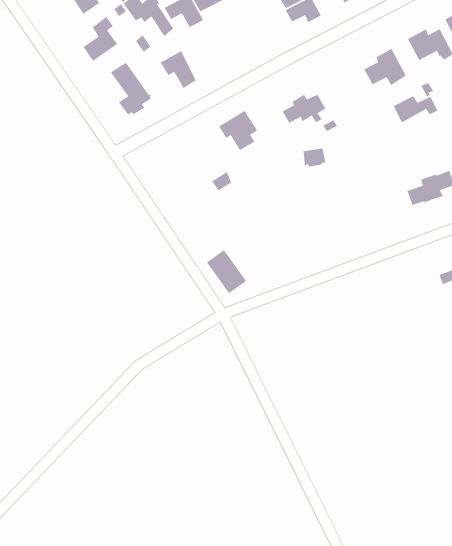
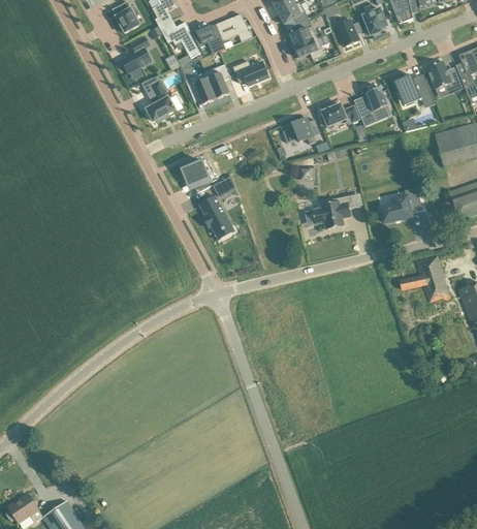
building: none -> [232,60,268,85]
building: none -> [203,62,227,97]
building: [392,95,438,123] -> [321,103,359,126]
building: [218,110,258,151] -> [181,158,214,192]
building: none -> [312,200,351,228]
building: [206,249,247,294] -> [198,195,231,234]

